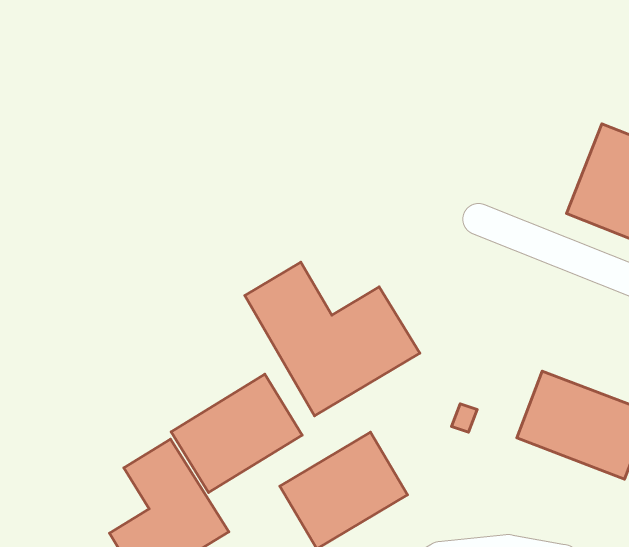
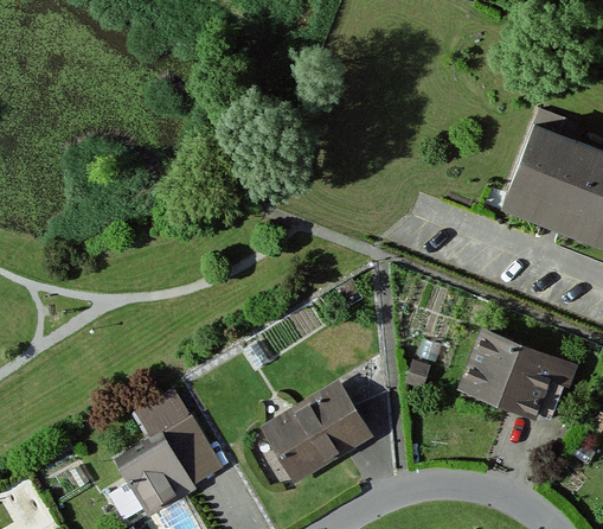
building: [245,262,420,416] -> none
building: [171,374,302,493] -> none

